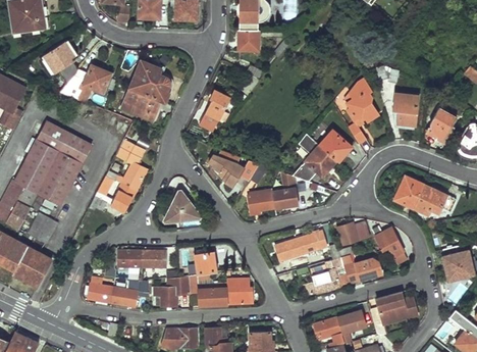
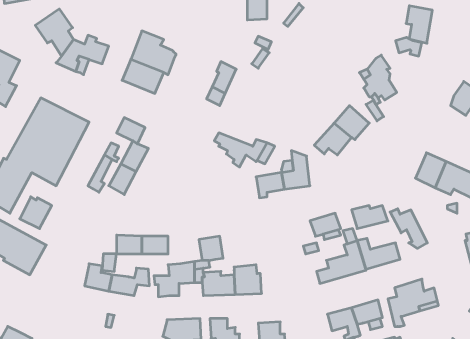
building: [393,92,418,127] -> [406,6,432,43]
building: [165,190,198,219] -> none
building: [273,237,302,258] -> none

